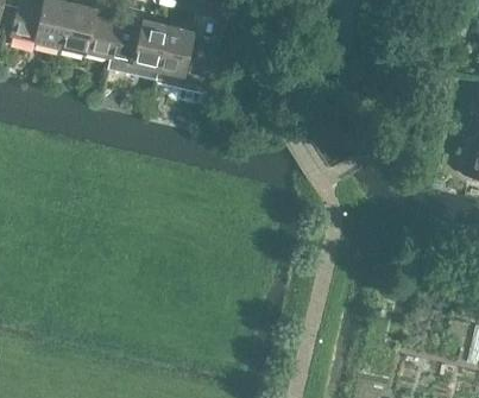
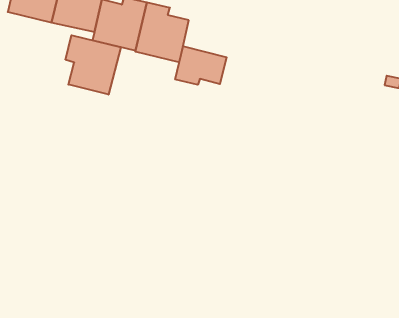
building: none -> [66,35,121,95]
building: none -> [175,46,227,85]

